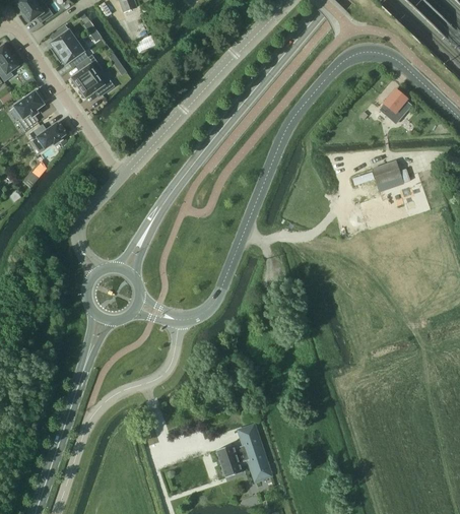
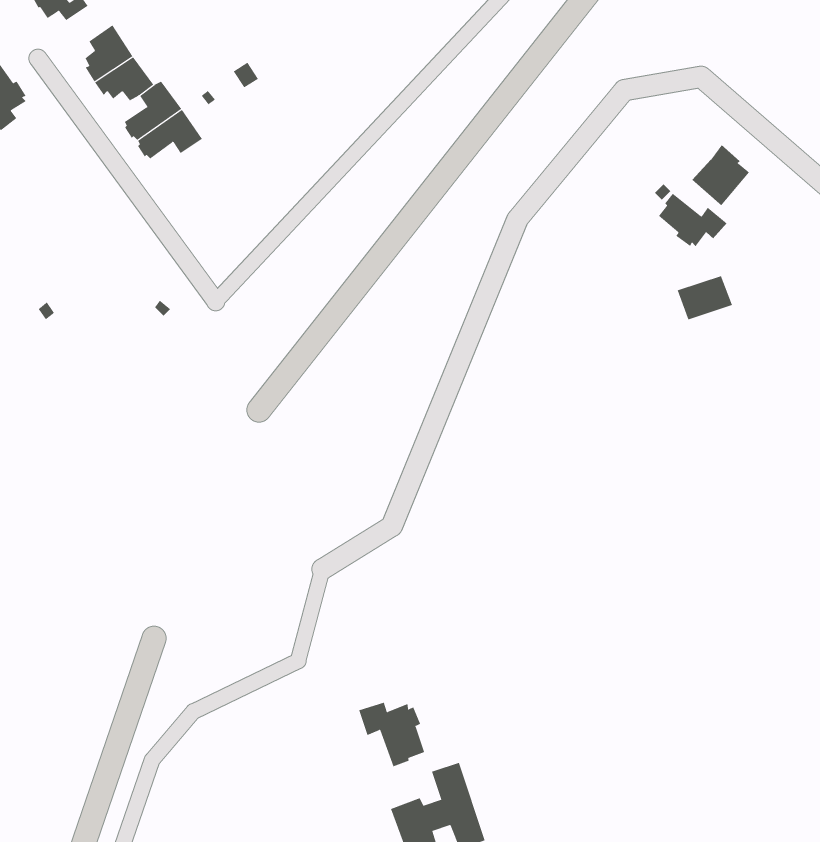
building: [13,91,43,130] -> none
building: none -> [658,193,727,247]
building: [28,123,64,148] -> none
building: none -> [358,702,425,767]

